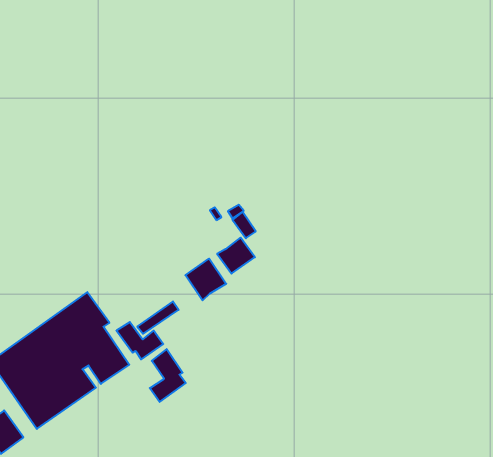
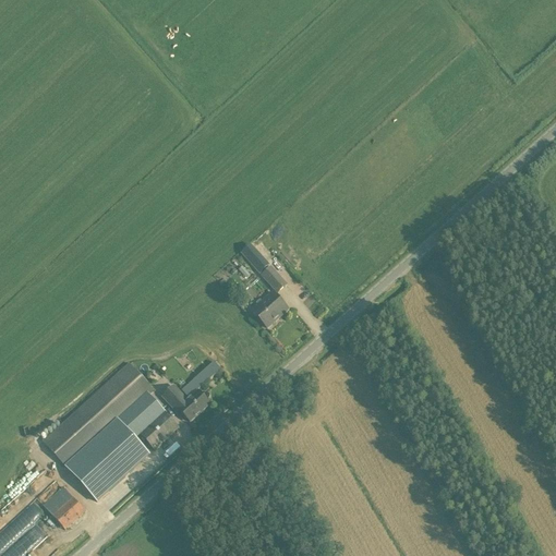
building: [185,259,226,300] -> none
building: [150,349,186,402] -> none

